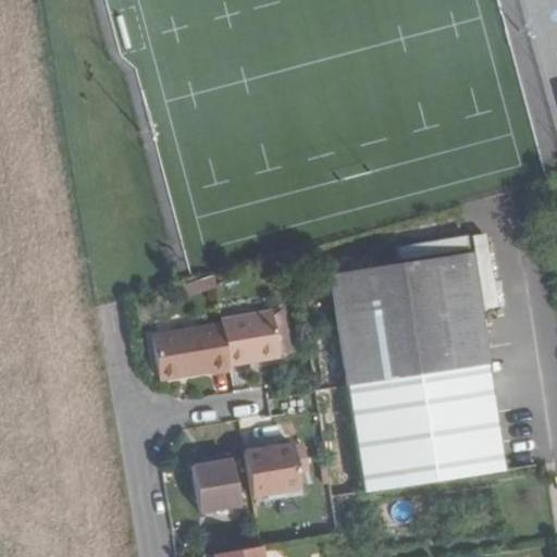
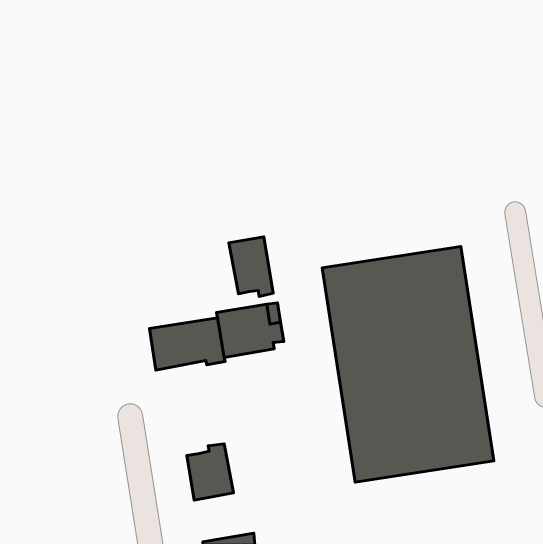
building: none -> [229,237,273,297]
building: [246,443,309,496] -> none

